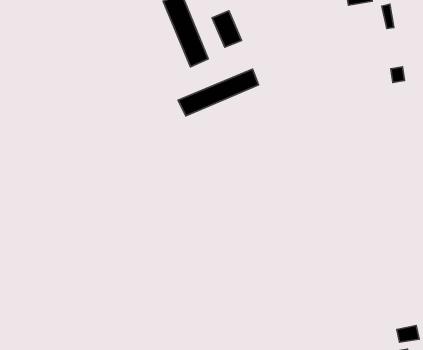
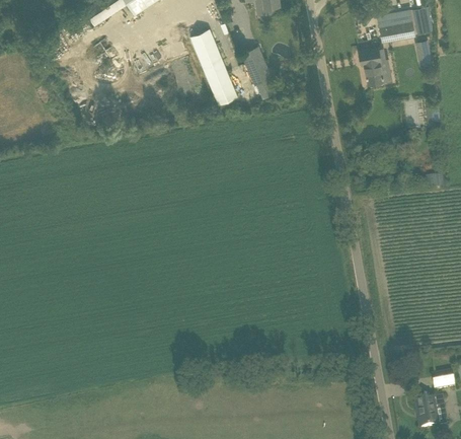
building: none -> [359,46,383,82]
building: [178,69,259,116] -> none

